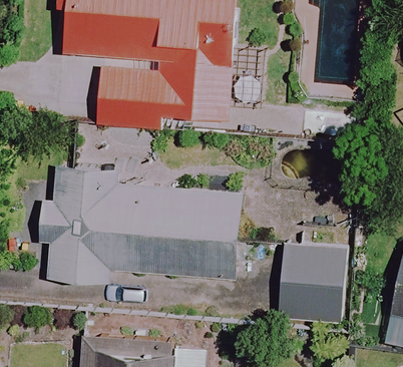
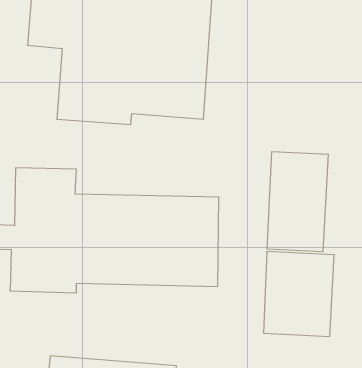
building: none -> [267,152,328,252]

